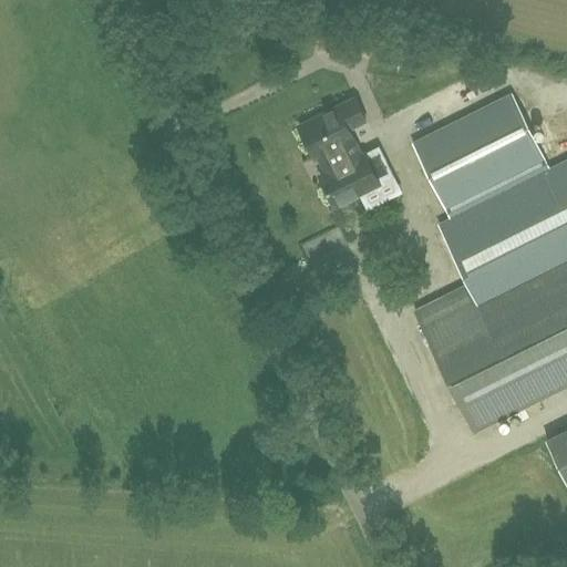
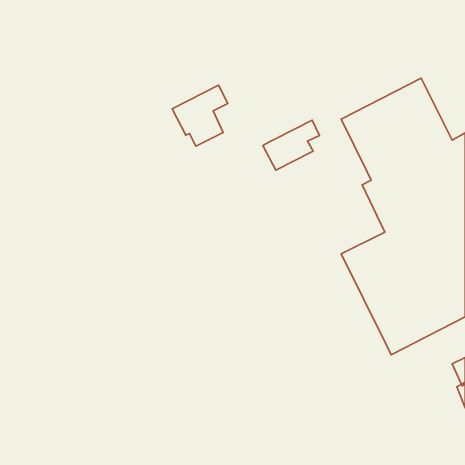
building: [299,99,367,173] -> [172,85,228,146]

